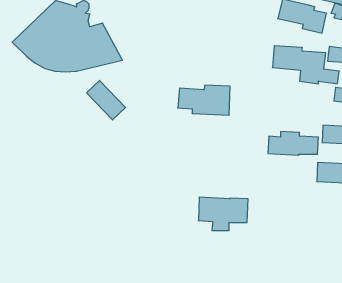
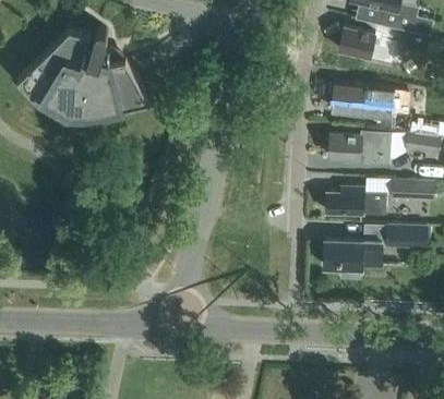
building: [87,80,126,120] -> none
building: [178,85,230,115] -> [328,130,392,166]
building: [198,197,248,231] -> [324,239,384,279]

